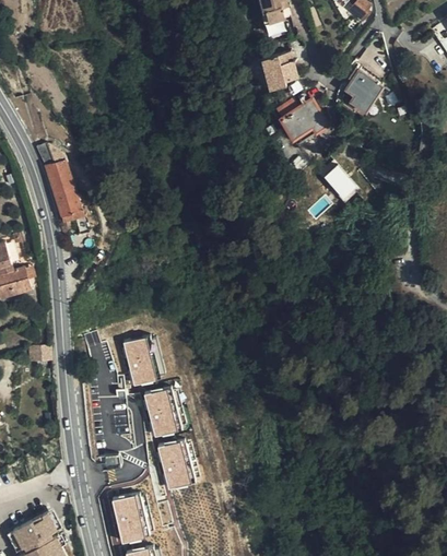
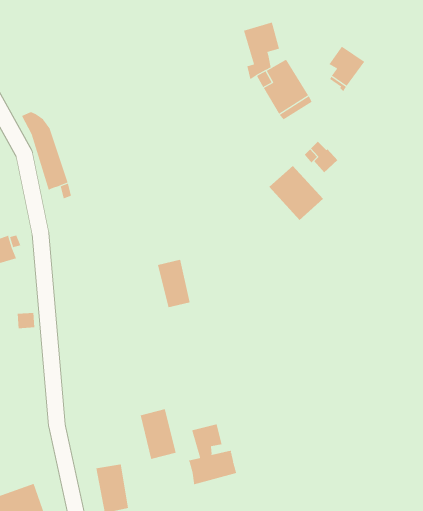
building: none -> [269,165,324,221]
building: [121,339,155,388] -> [157,259,190,308]
building: [143,389,178,438] -> none
building: none -> [188,423,237,485]

